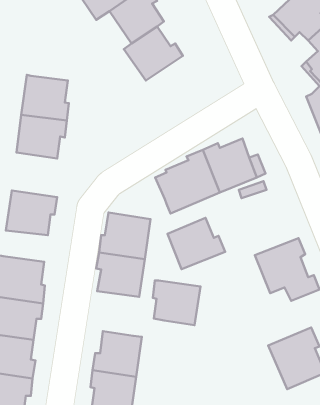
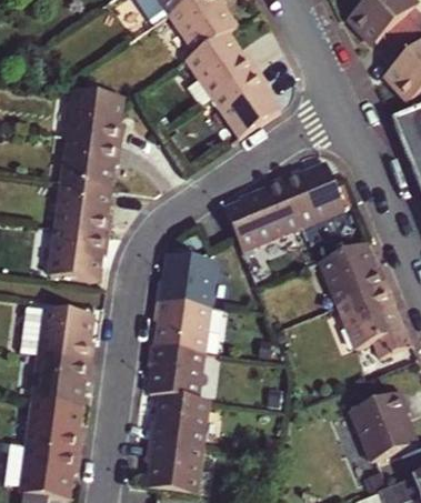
building: none -> [210,70,277,140]
building: none -> [53,183,109,235]
building: [167,218,225,269] -> [321,243,389,303]
building: [153,281,200,325] -> [147,345,202,398]

